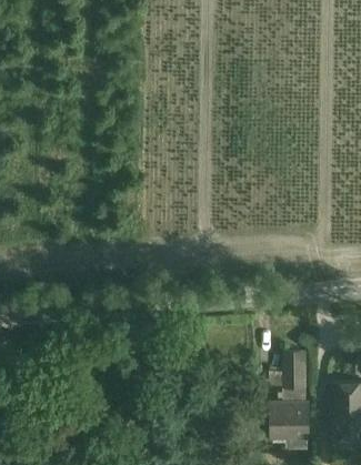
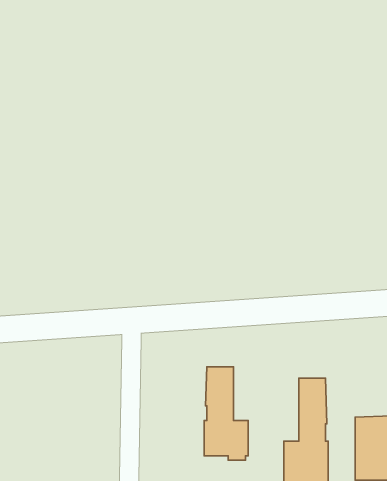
building: none -> [204,367,248,460]

